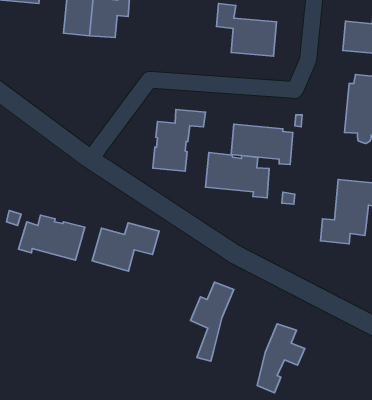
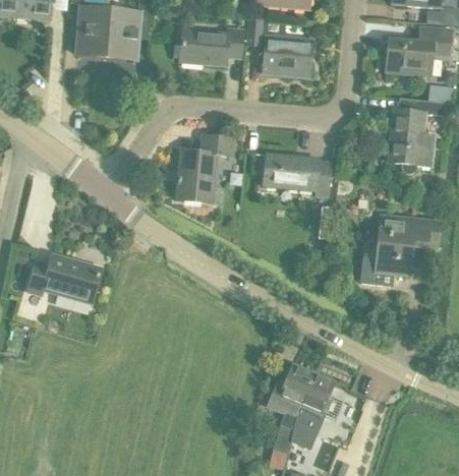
building: none -> [180,29,242,66]
building: [206,153,269,198] -> none
building: [92,223,159,271] -> none
building: [190,282,234,361] -> [266,365,313,453]

